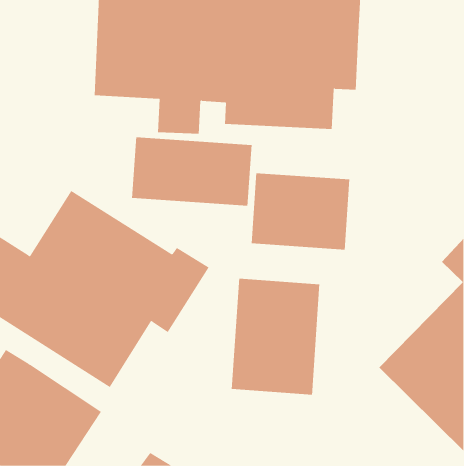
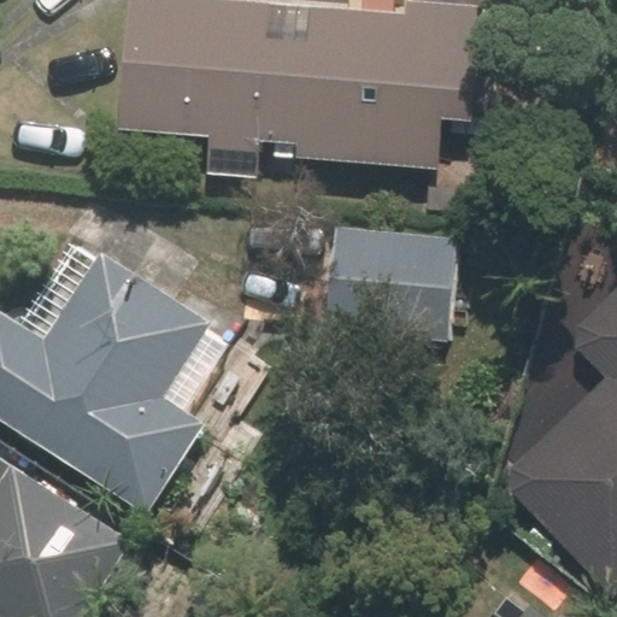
building: [131,136,252,206] -> none
building: [231,278,320,395] -> none

